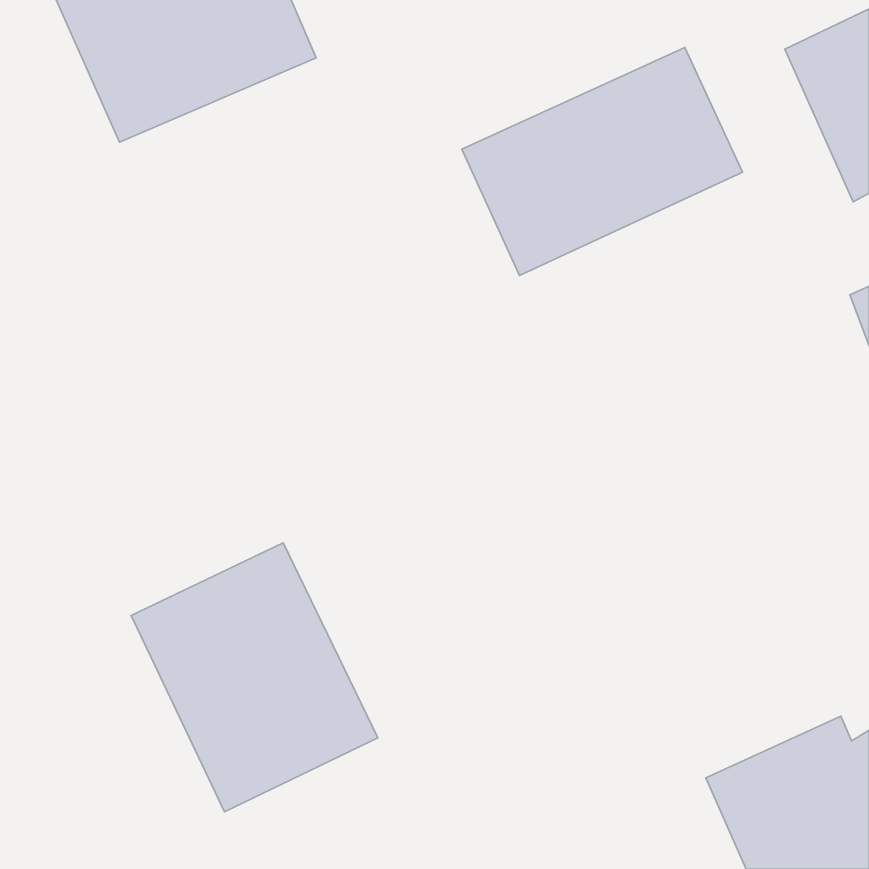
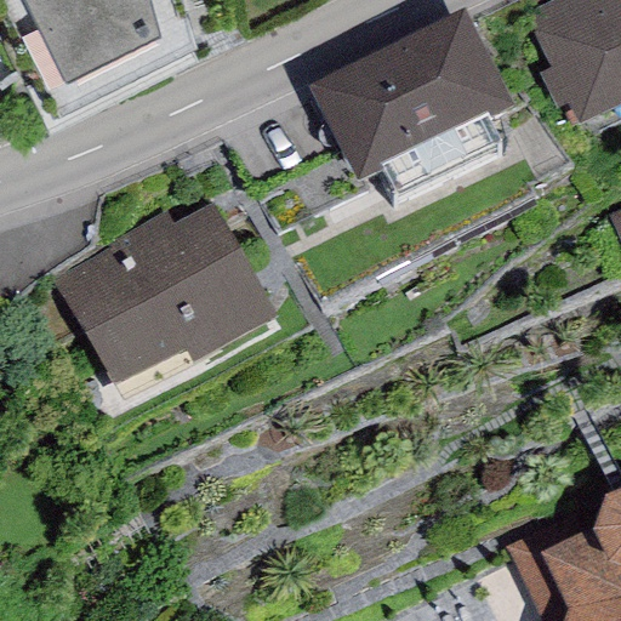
building: none -> [73,212,266,386]
building: [131,543,378,812] -> none

